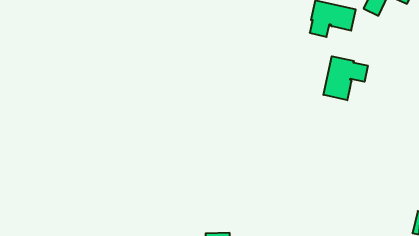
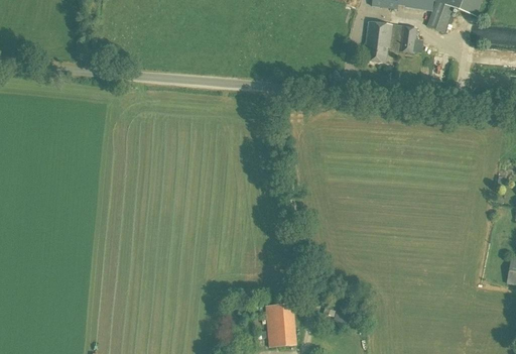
building: [323,56,368,100] -> none

